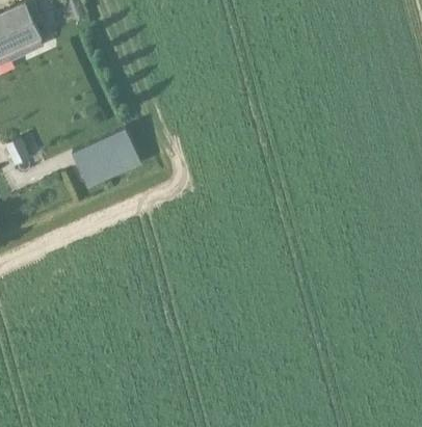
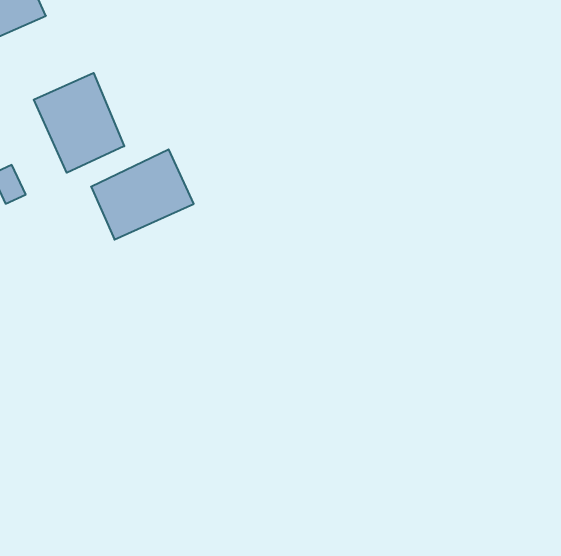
building: none -> [34,73,124,173]

